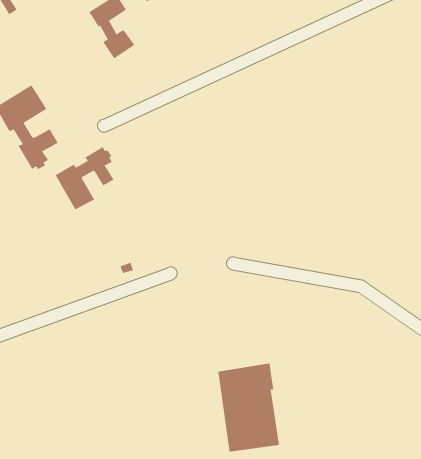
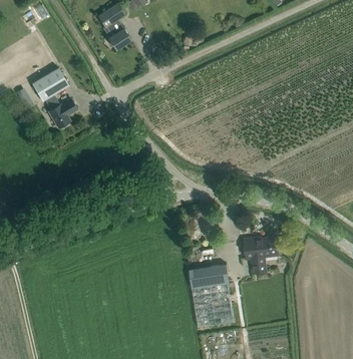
building: [55,146,114,210] -> none
building: none -> [243,237,284,273]

